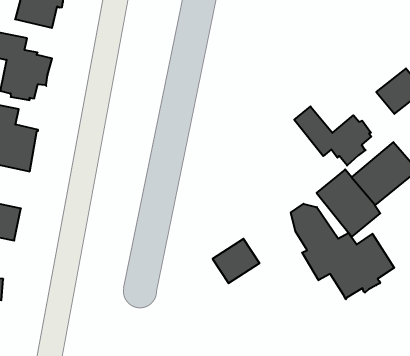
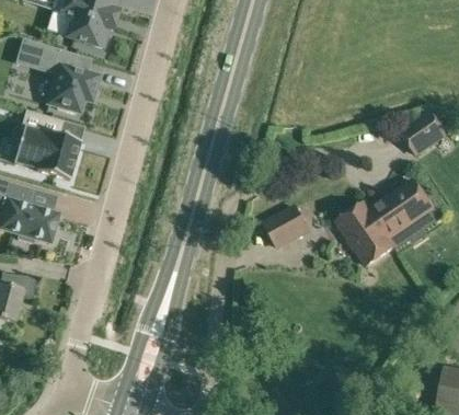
building: [294,106,371,166] -> none
building: [291,204,394,299] -> none
building: [213,239,260,283] -> [264,206,308,246]

